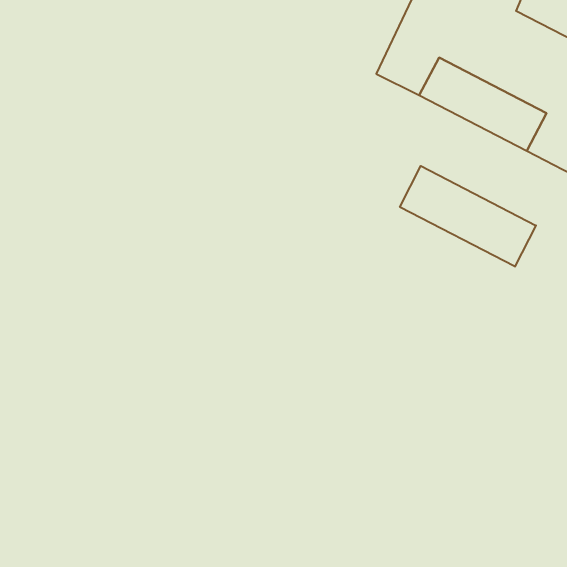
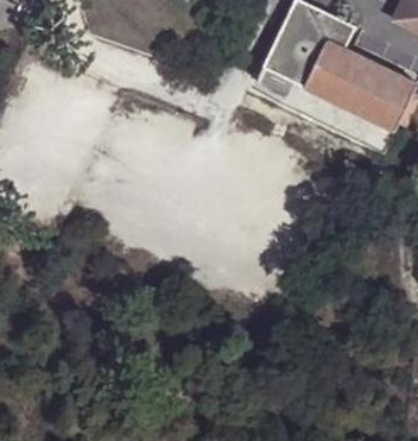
building: [400,166,536,267] -> none

